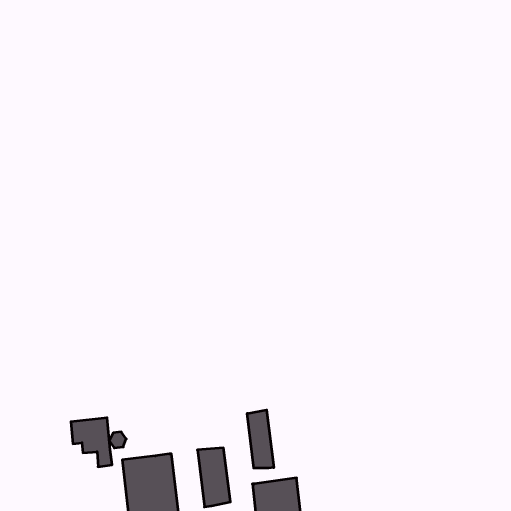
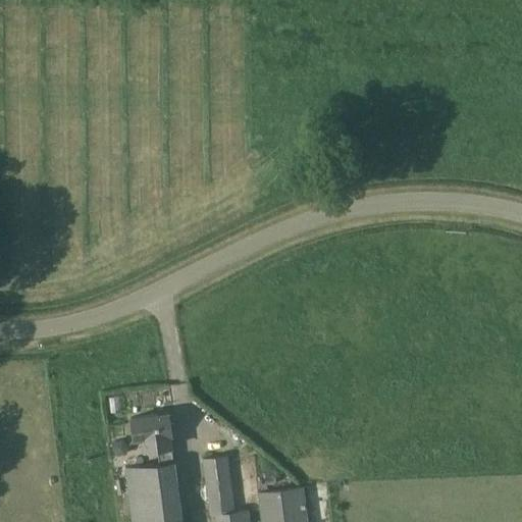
building: [247,410,274,468] -> none
building: [71,418,112,467] -> [132,415,173,465]

